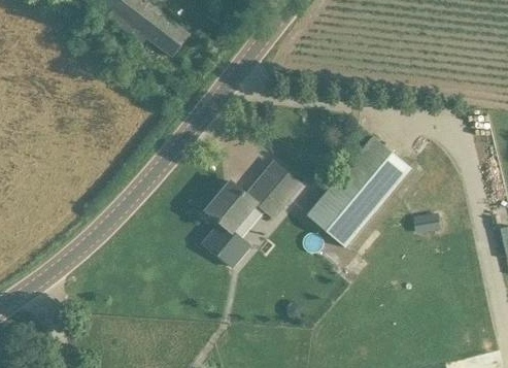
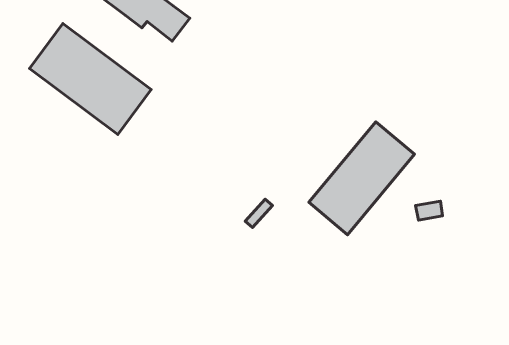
building: none -> [29,23,151,134]
building: [201,161,301,266] -> none

